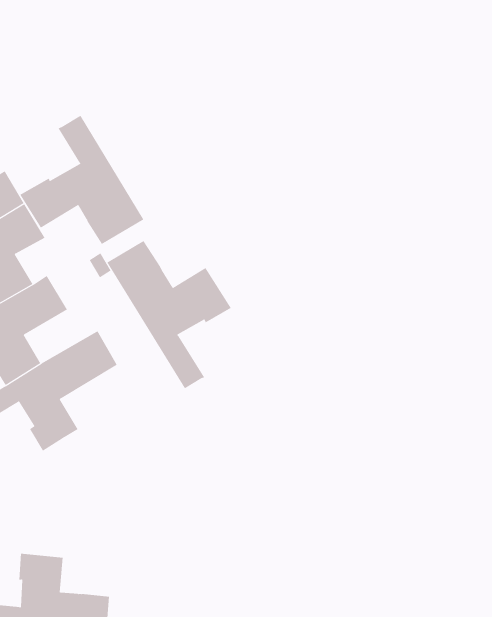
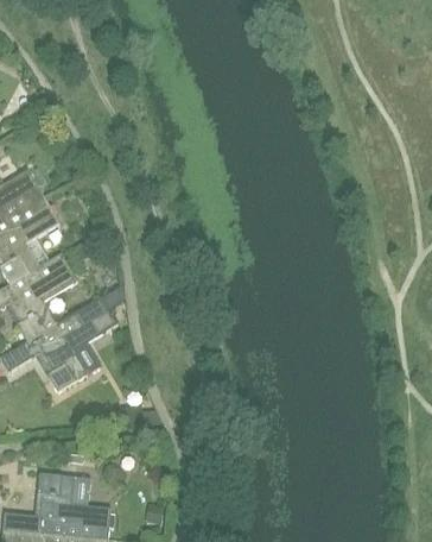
building: [19,115,144,245] -> none
building: [107,240,231,389] -> none

